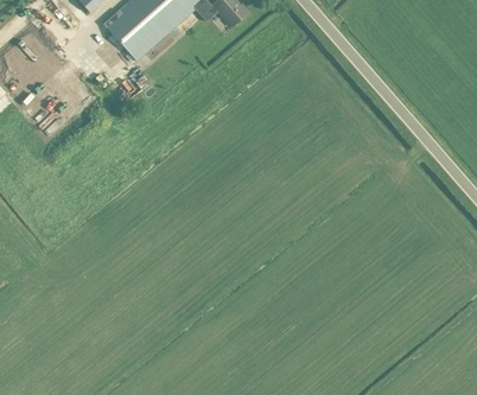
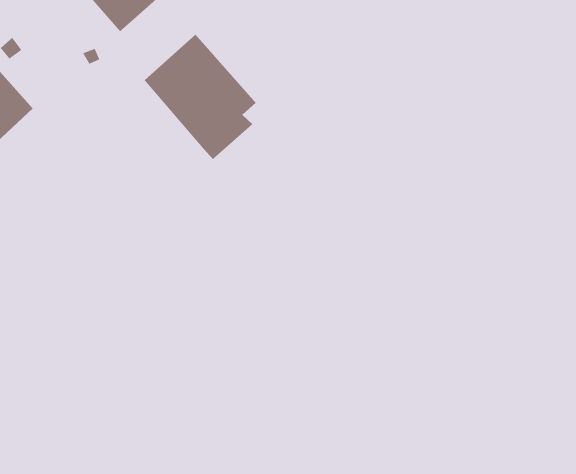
building: none -> [144,34,257,160]

